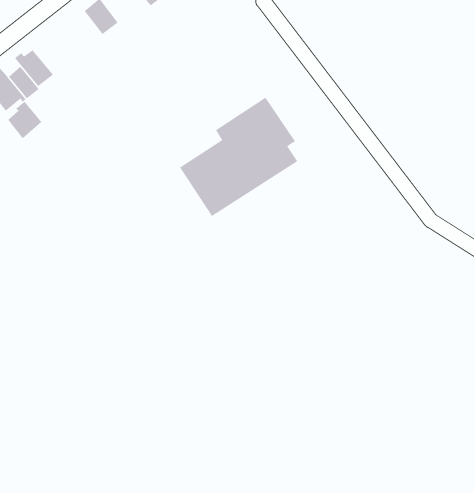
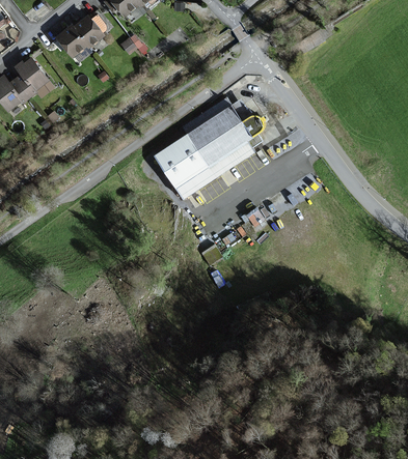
building: none -> [57,24,88,56]
building: [8,101,42,139] -> none

